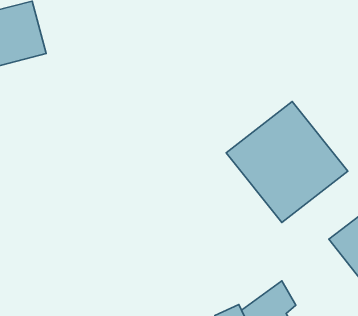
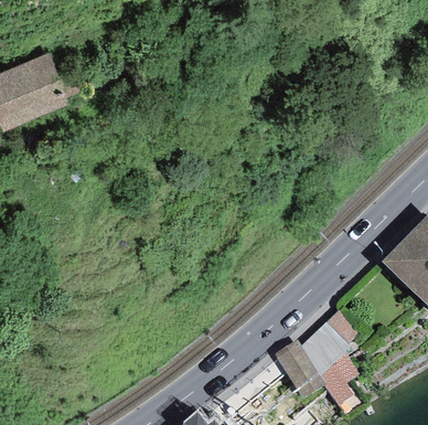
building: [226,101,348,223] -> none

